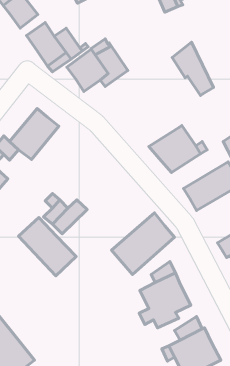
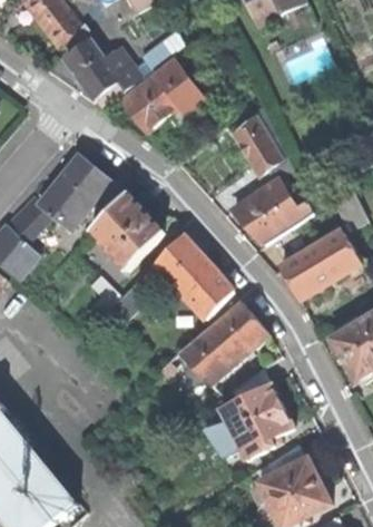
building: [172,42,213,96] -> [235,108,292,182]
building: none -> [88,193,164,269]
building: [19,218,76,276] -> [154,236,233,316]

